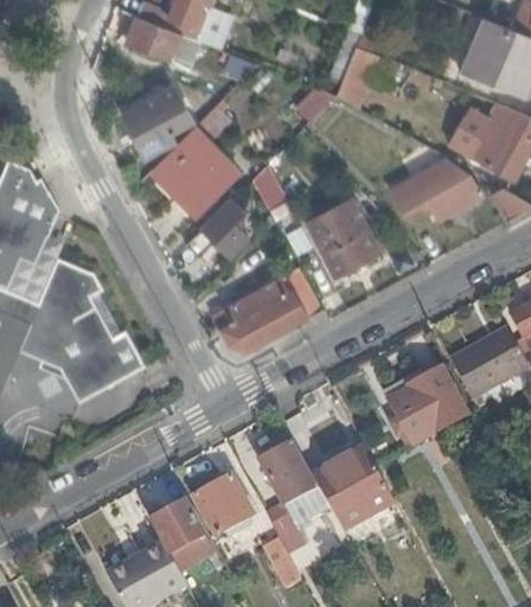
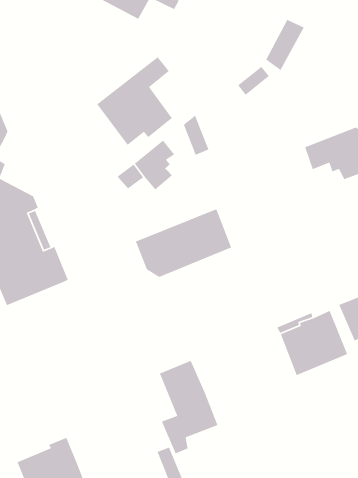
building: [122,87,193,158] -> none
building: [306,200,379,277] -> none
building: [311,449,392,532] -> none
building: [193,475,251,536] -> none
building: [148,500,212,571] -> none

